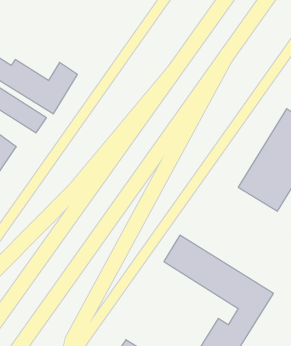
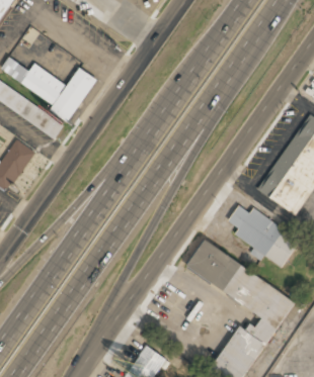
building: none -> [227,202,300,269]

